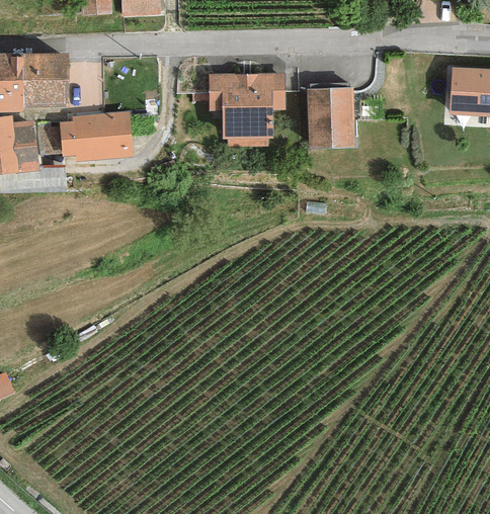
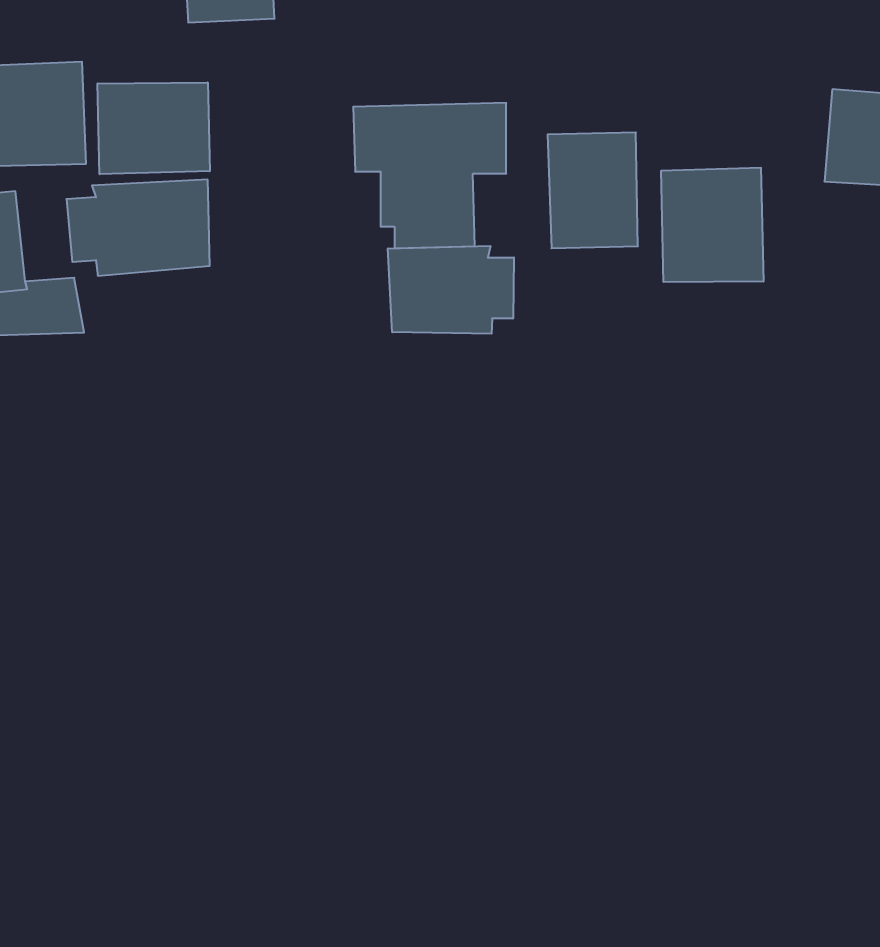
building: none -> [98,82,210,174]
building: none -> [661,168,763,282]
building: none -> [388,246,514,334]

